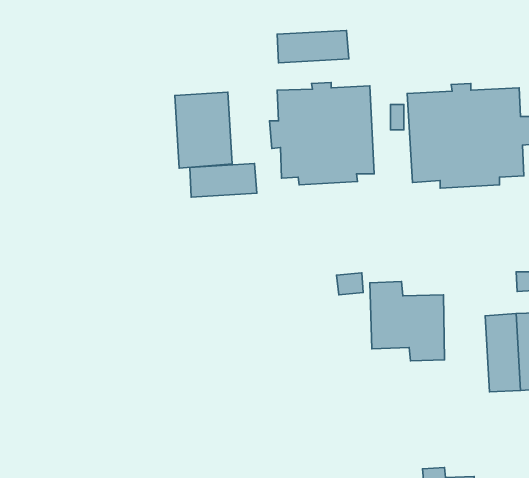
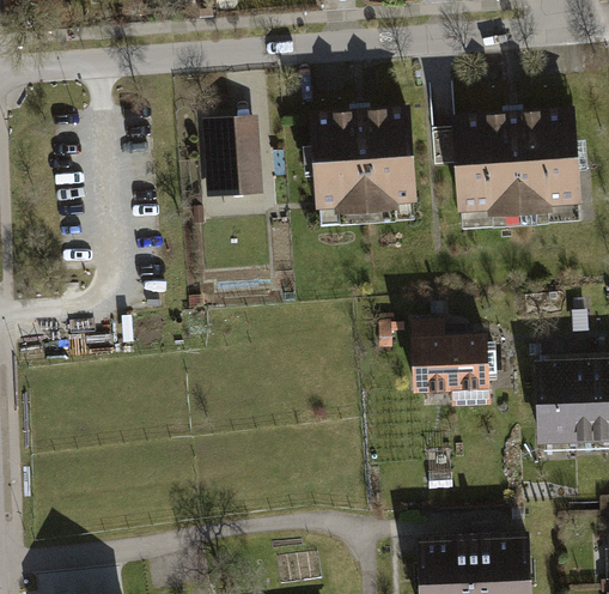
building: [277,30,349,63] -> none
building: [190,163,257,197] -> none

